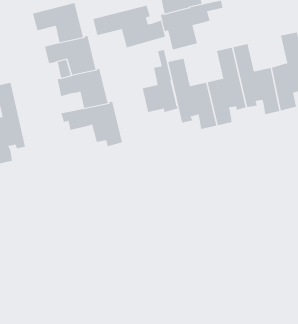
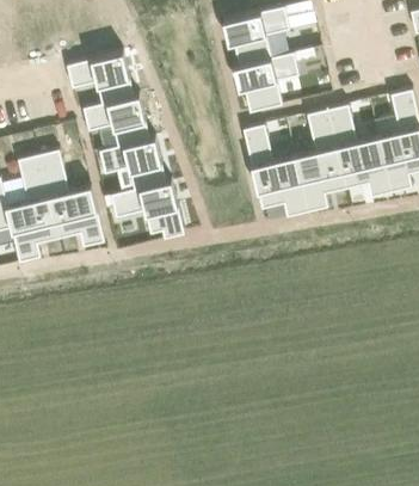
building: [93,5,165,48] -> none
building: [142,49,178,113] -> none
building: none -> [38,149,104,248]

